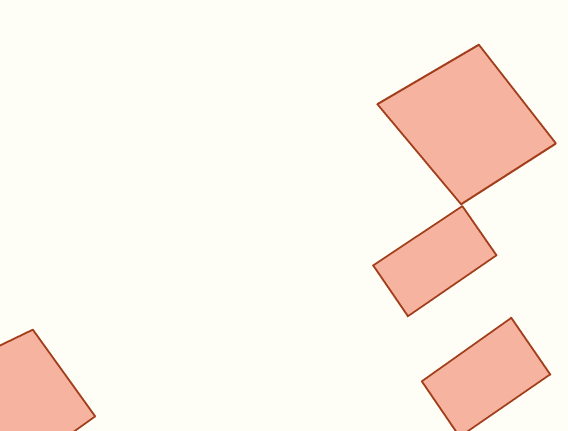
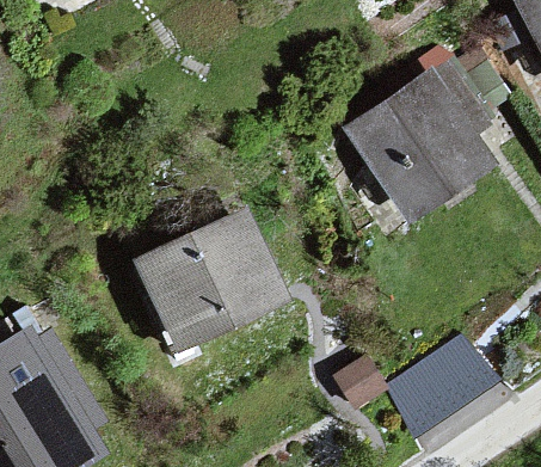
building: none -> [136,204,305,342]
building: [373,206,496,316] -> none

